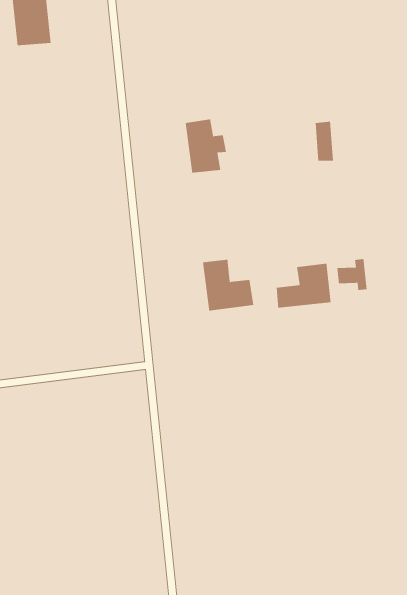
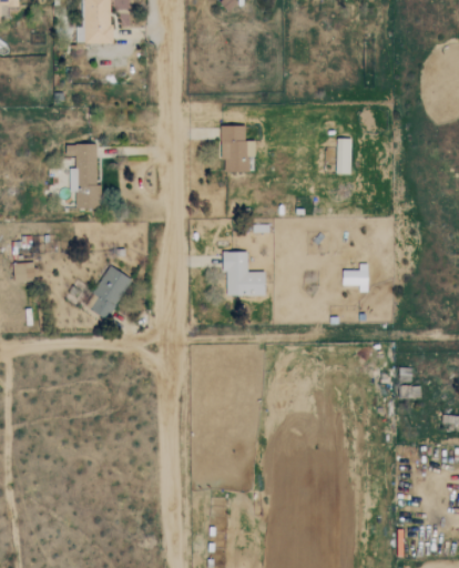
building: none -> [65,144,101,209]
building: [276,263,331,308] -> none
building: none -> [86,266,132,320]

